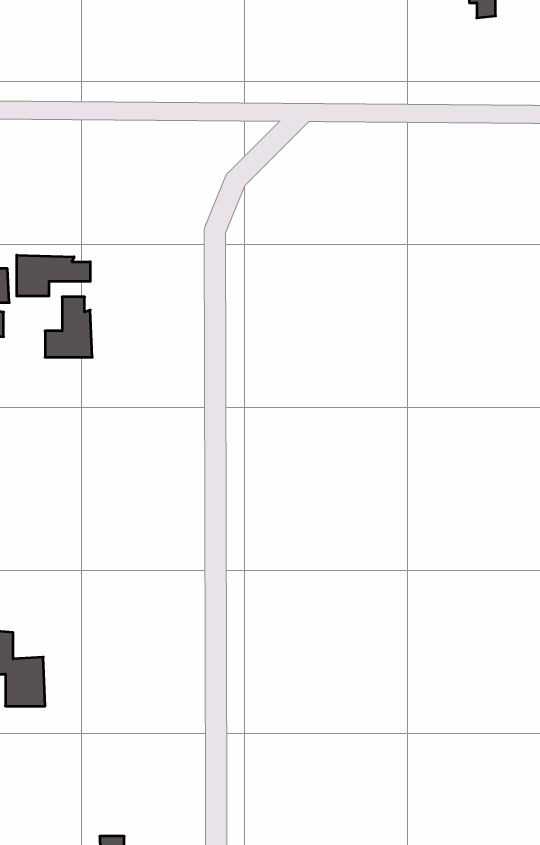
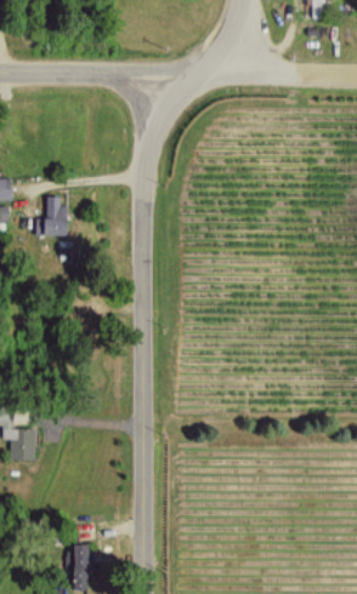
building: [17,255,90,296] -> none

